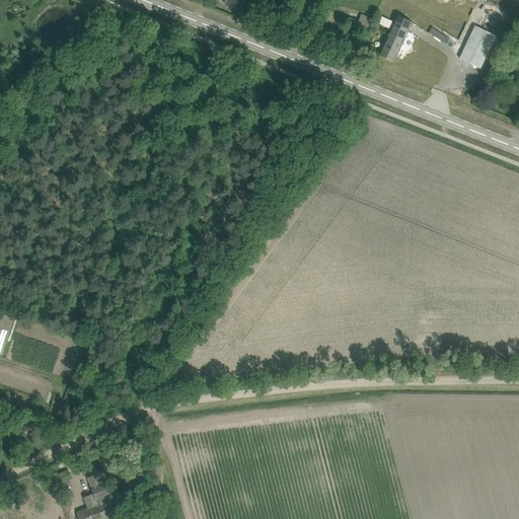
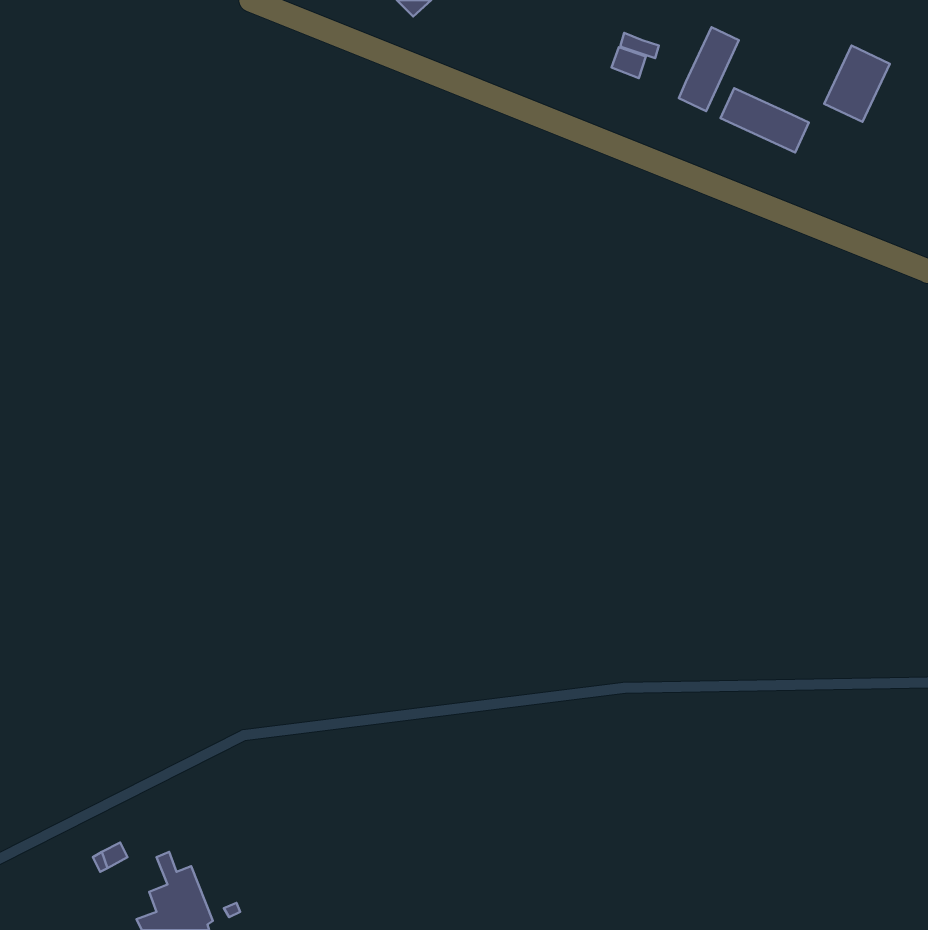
building: none -> [720,88,809,153]

